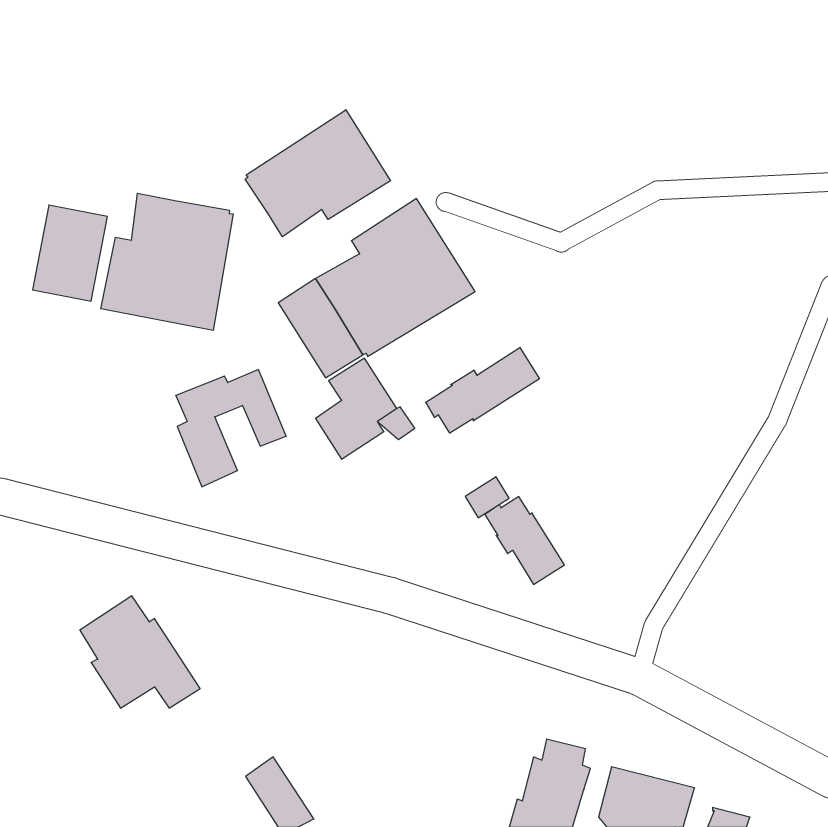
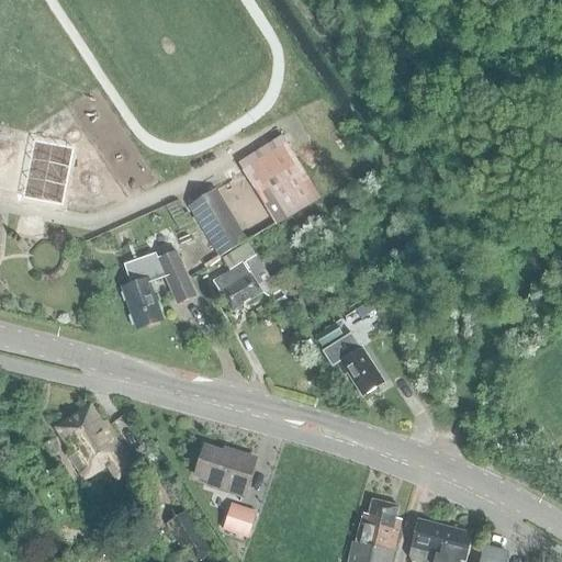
building: [245,110,391,237] -> none
building: [101,193,233,330] -> none
building: [426,347,540,433] -> none
building: none -> [194,443,254,493]
building: none -> [224,502,258,537]

